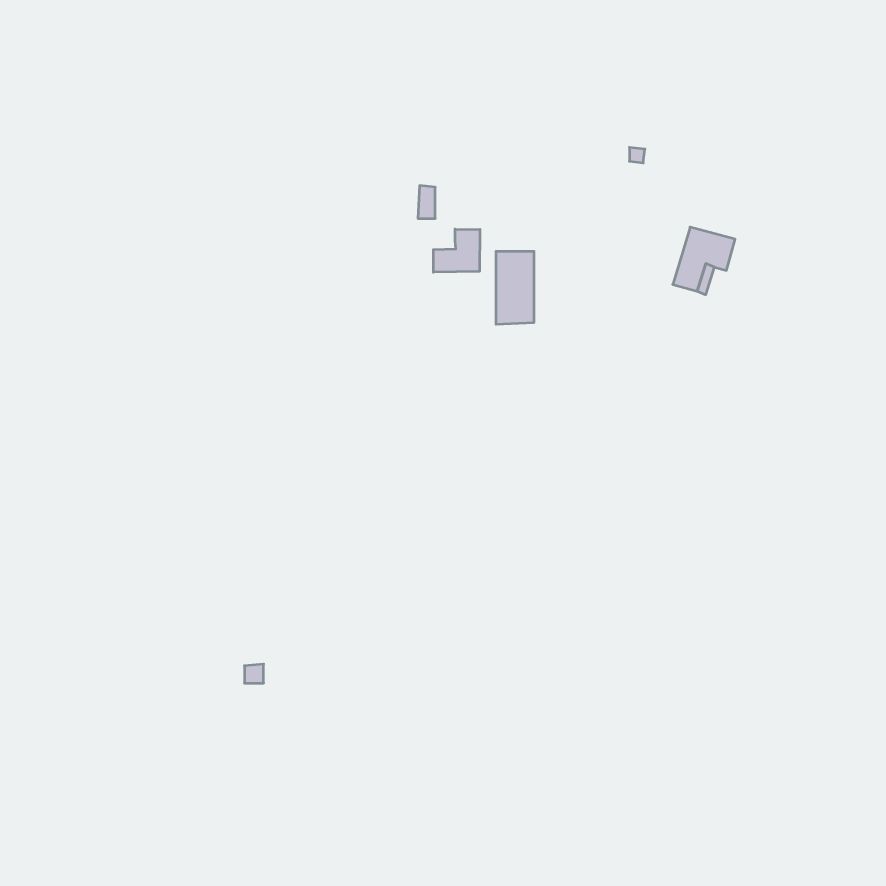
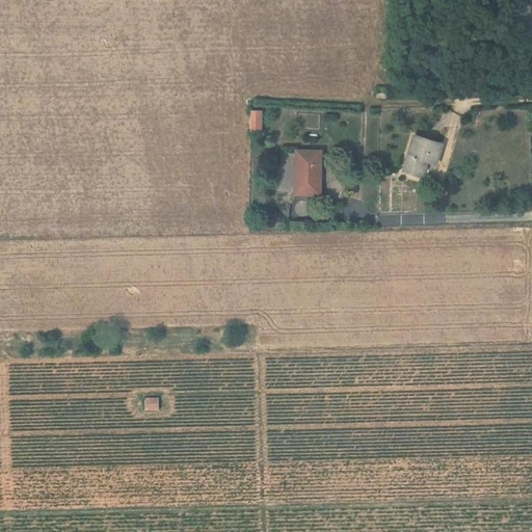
building: [433,229,480,272] -> none

